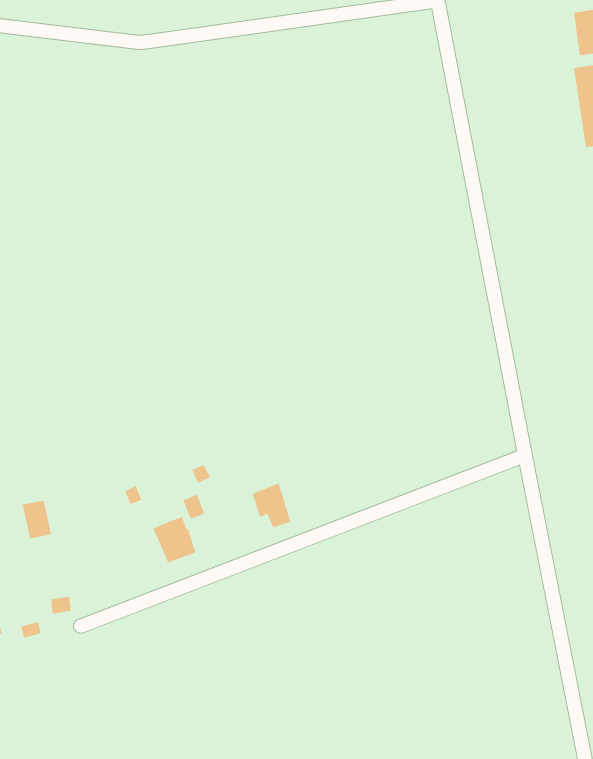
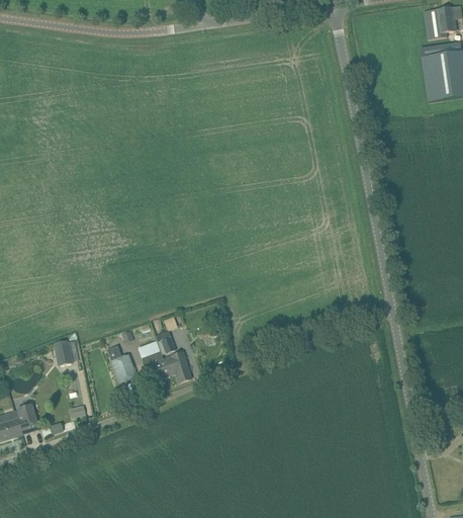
building: [252,483,291,528] -> [164,351,190,381]
building: none -> [106,344,135,381]

